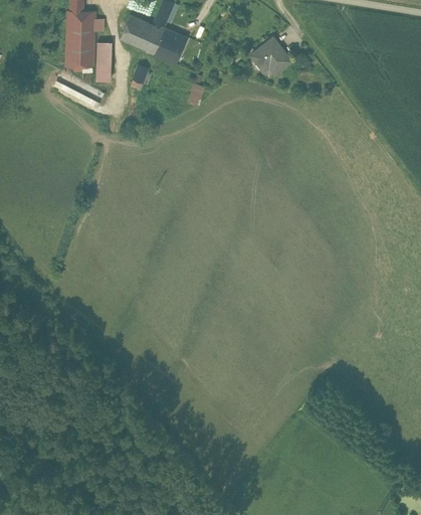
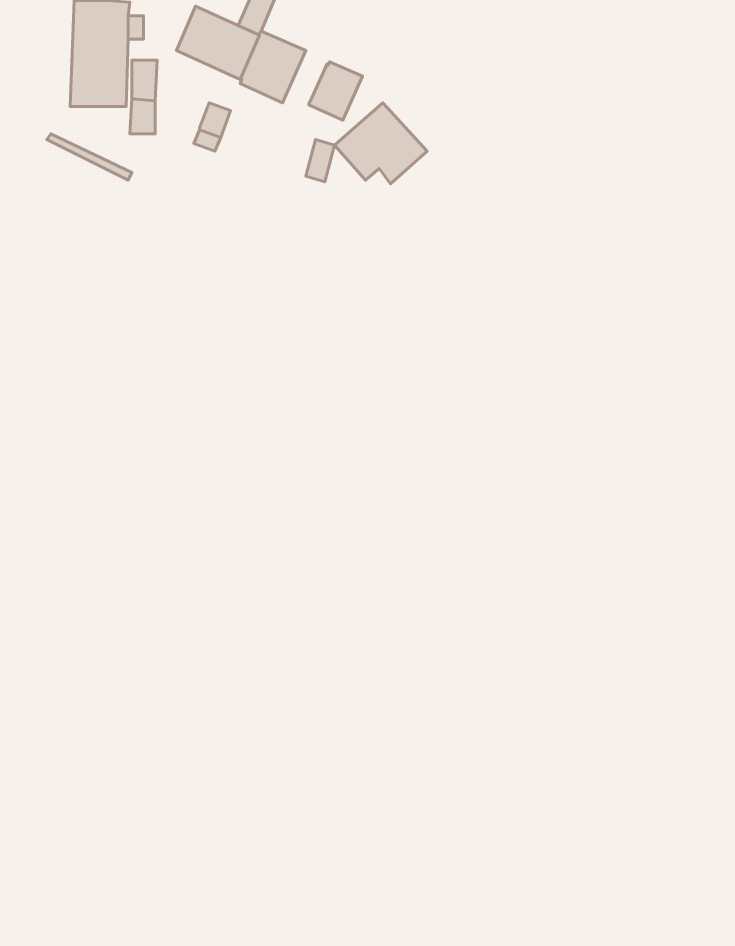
building: [249,34,297,76] -> [335,103,427,184]
building: none -> [309,62,362,120]

